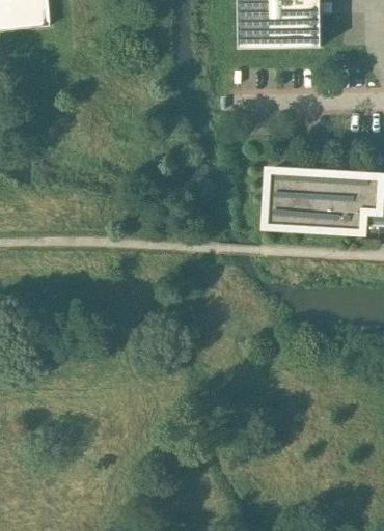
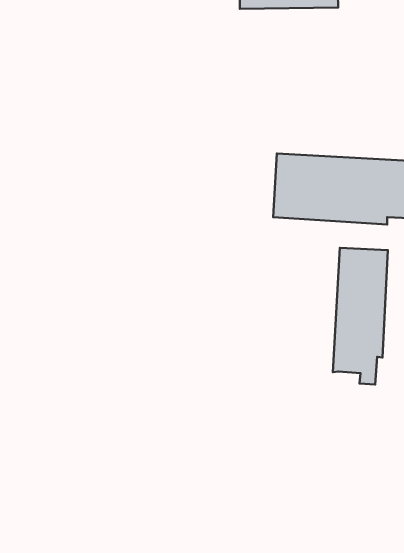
building: none -> [333,248,388,384]

